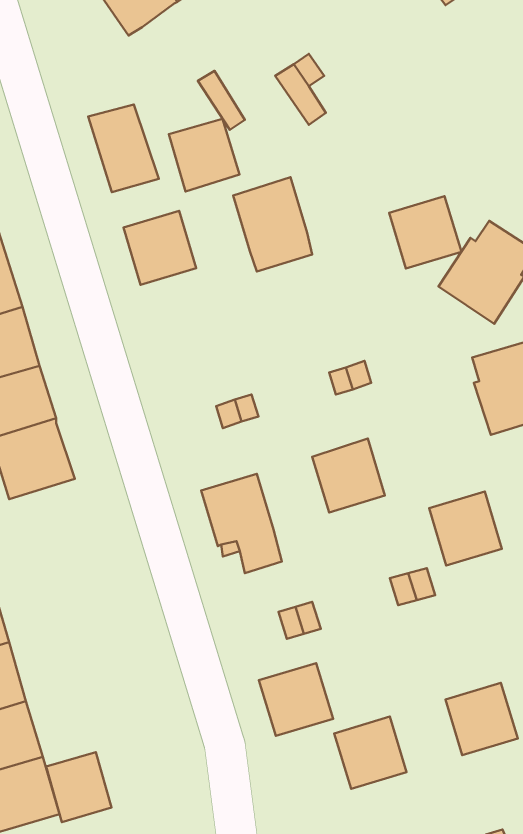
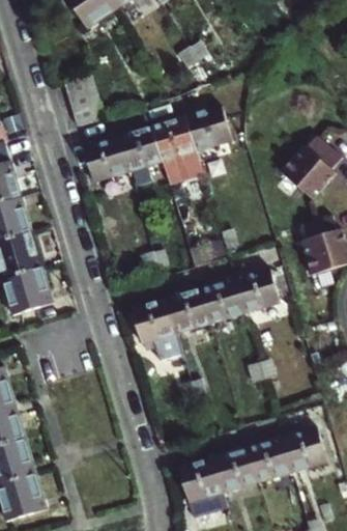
building: [169,119,239,191] -> [118,128,162,172]
building: [389,196,461,269] -> [186,106,231,150]
building: none -> [166,288,210,333]
building: [429,491,502,566] -> [234,267,279,312]
building: [259,663,333,736] -> [178,458,224,503]
building: none -> [248,438,292,482]
building: [46,752,111,822] -> none

